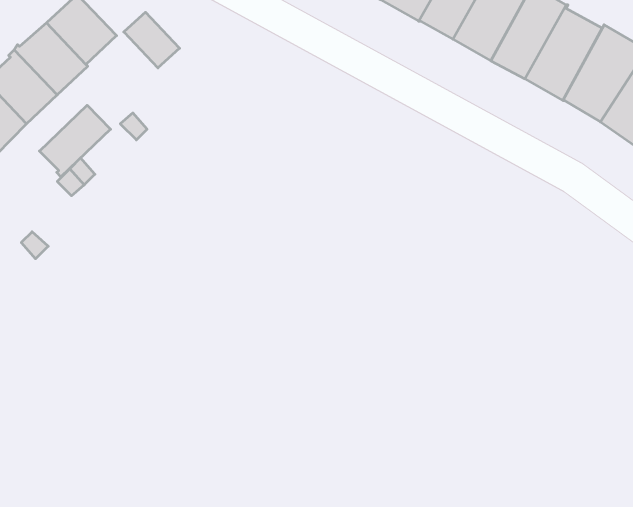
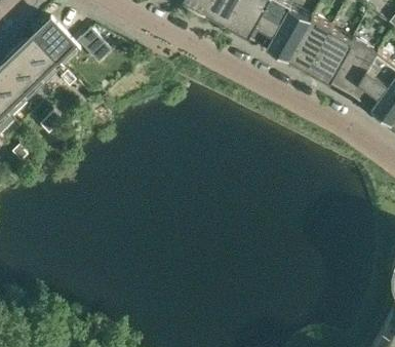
building: [39,105,111,177] -> none

